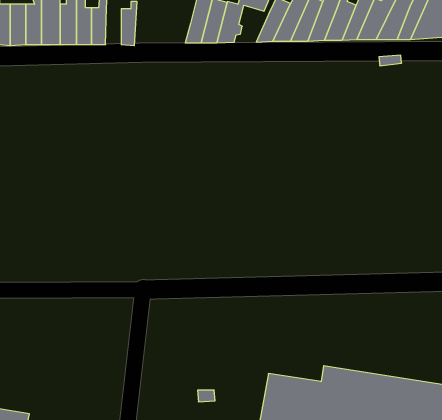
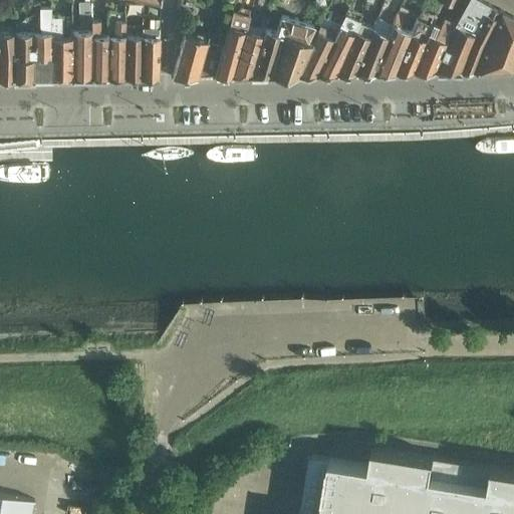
building: none -> [271,37,311,79]
building: none -> [172,38,221,82]
building: none -> [123,40,142,82]

